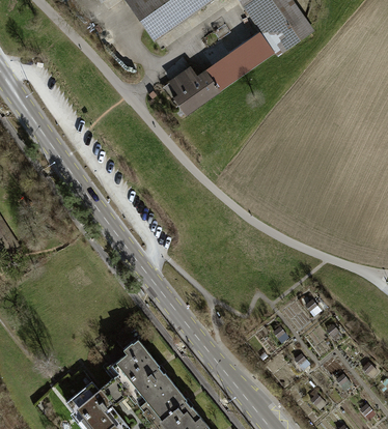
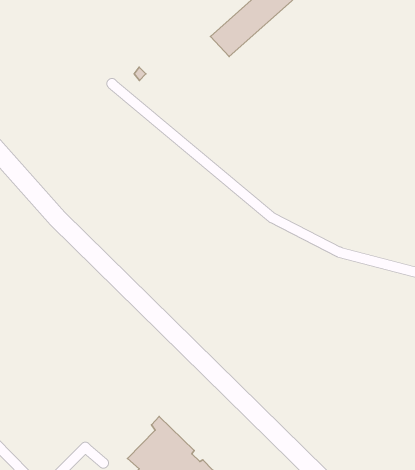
building: [168,67,217,112] -> none

